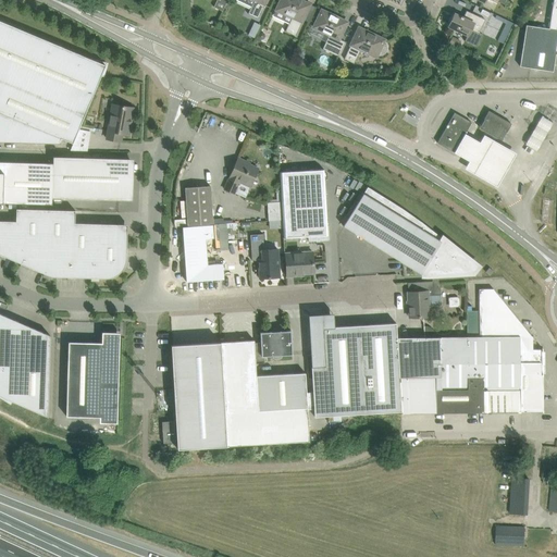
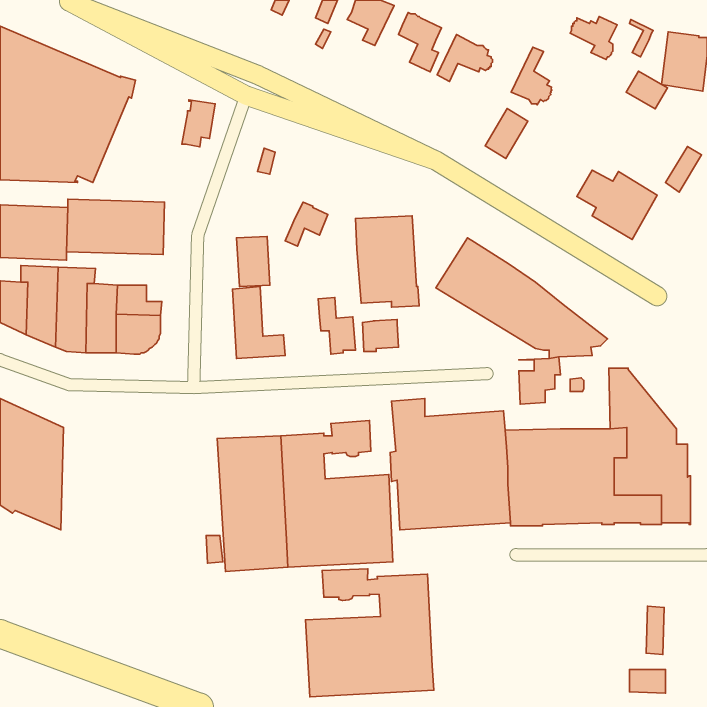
building: none -> [511,47,552,105]
building: [107,104,133,141] -> [182,100,215,147]
building: [479,111,511,140] -> [626,71,668,109]
building: [437,113,471,152] -> [485,109,528,158]
building: [66,333,120,424] -> none
building: none -> [305,569,434,697]

